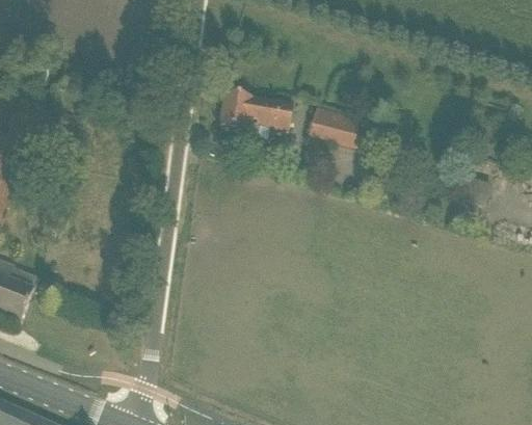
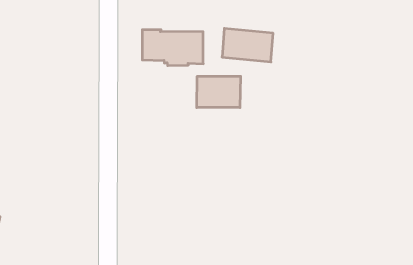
building: none -> [197,76,241,108]

